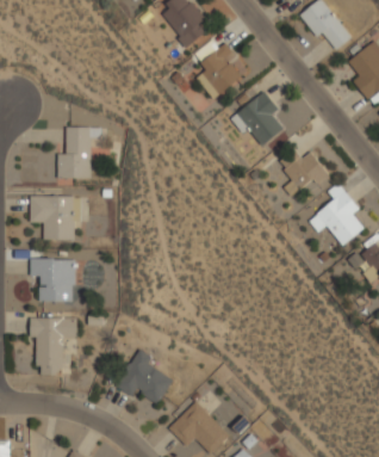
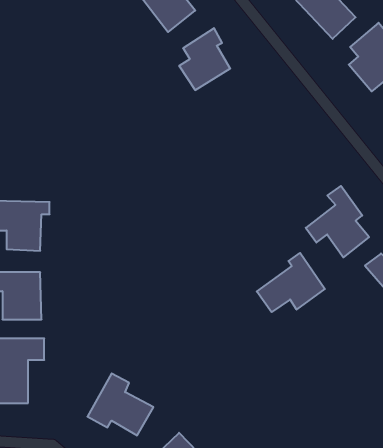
building: [230,91,284,146] -> none
building: [57,126,92,178] -> none
building: [279,149,329,197] -> none
building: none -> [257,253,325,312]

